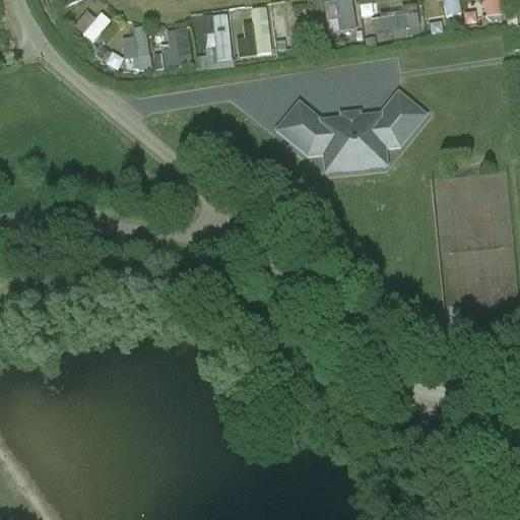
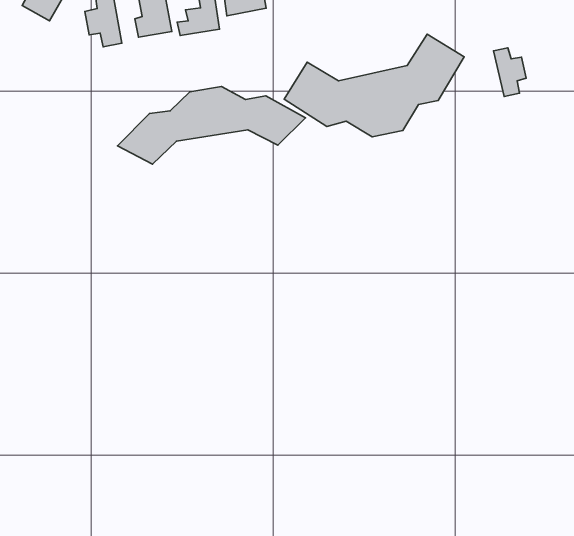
building: none -> [493,48,526,96]
building: none -> [118,87,306,164]

